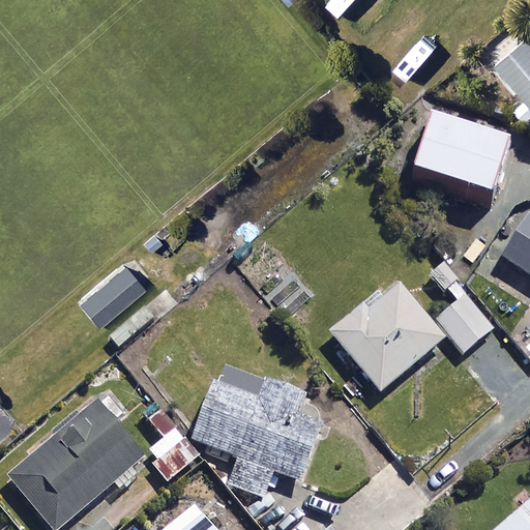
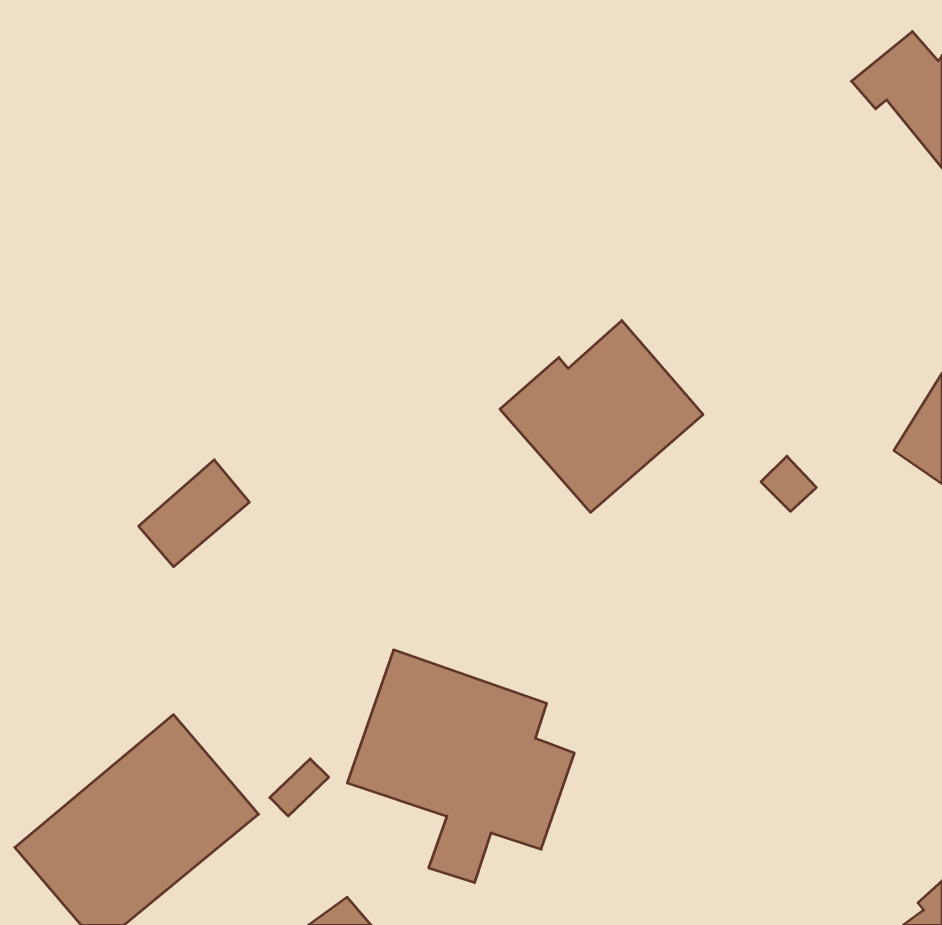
building: [415,120,510,201] -> none
building: [330,284,444,391] -> [500,320,703,512]
building: [435,291,494,350] -> none

